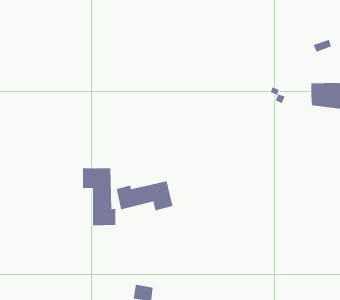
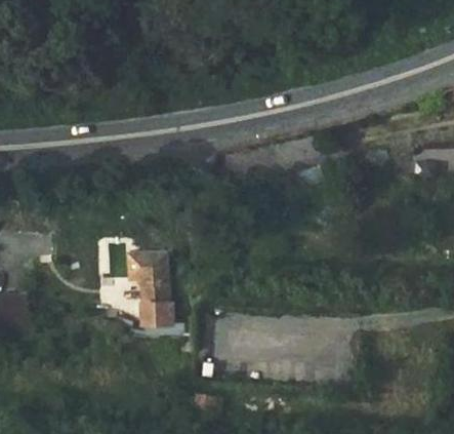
building: [116,180,173,211] -> none

